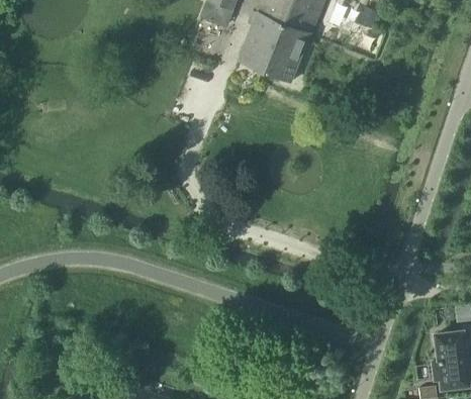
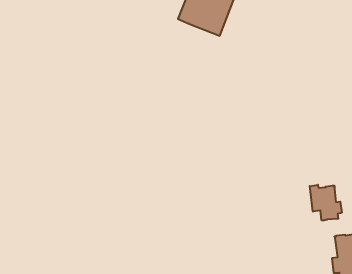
building: none -> [310,185,342,220]

